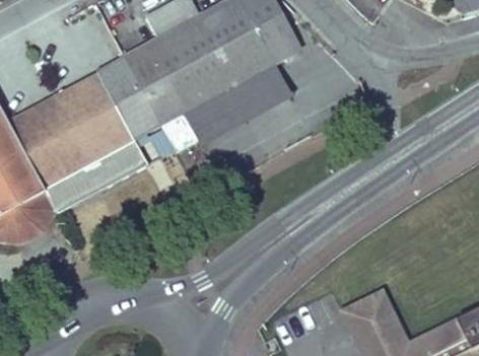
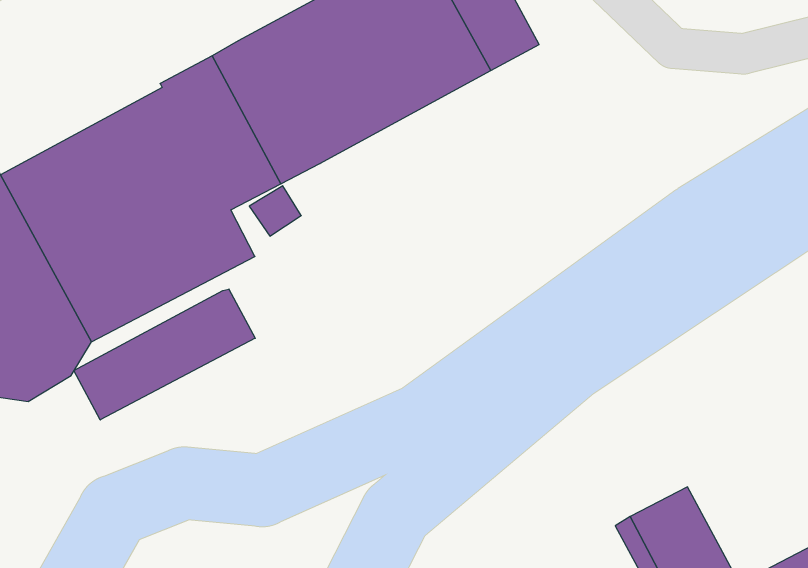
building: [181,64,292,149] -> none
building: none -> [74,289,255,420]

